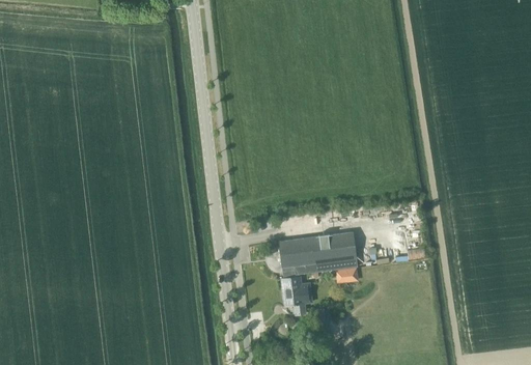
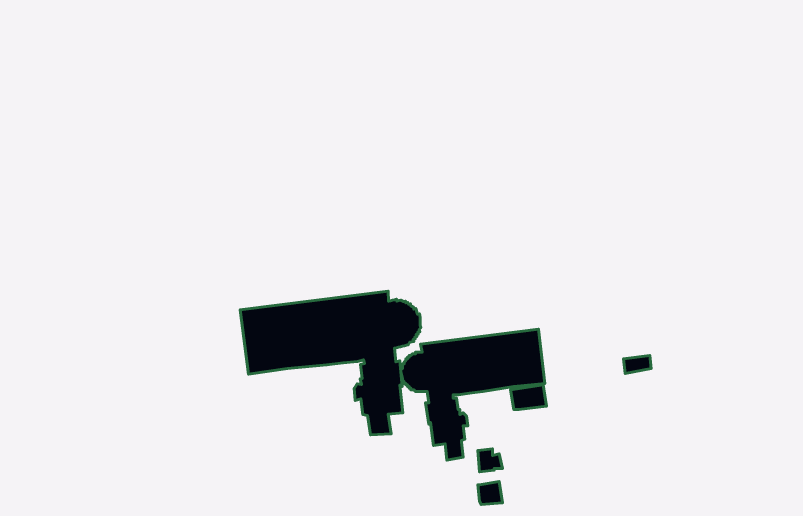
building: none -> [240,291,421,435]

